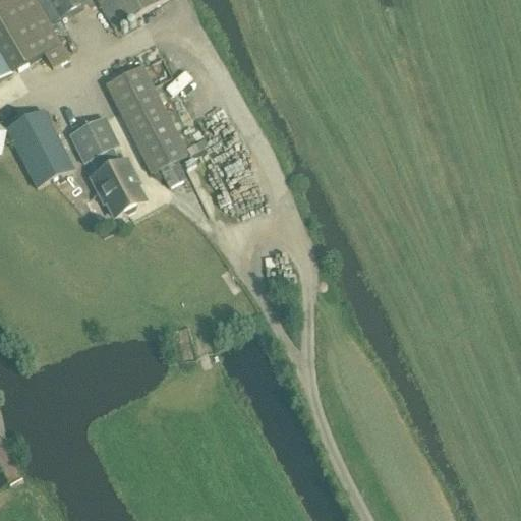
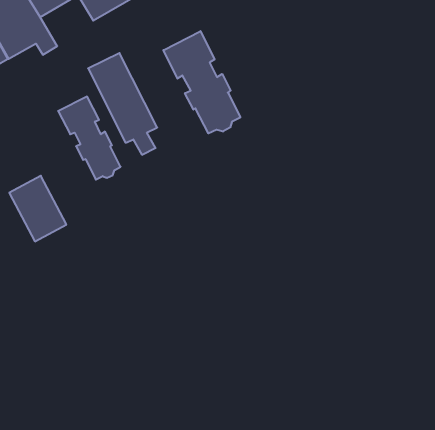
building: none -> [163,31,240,133]
building: [5,107,73,185] -> [9,176,66,241]

